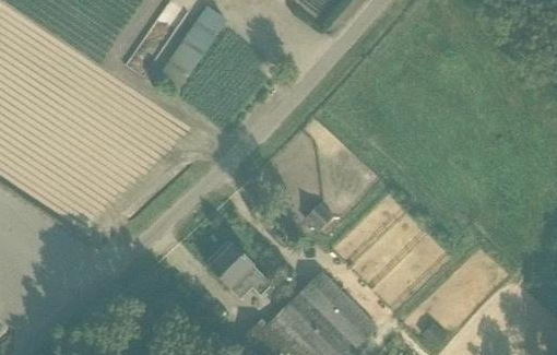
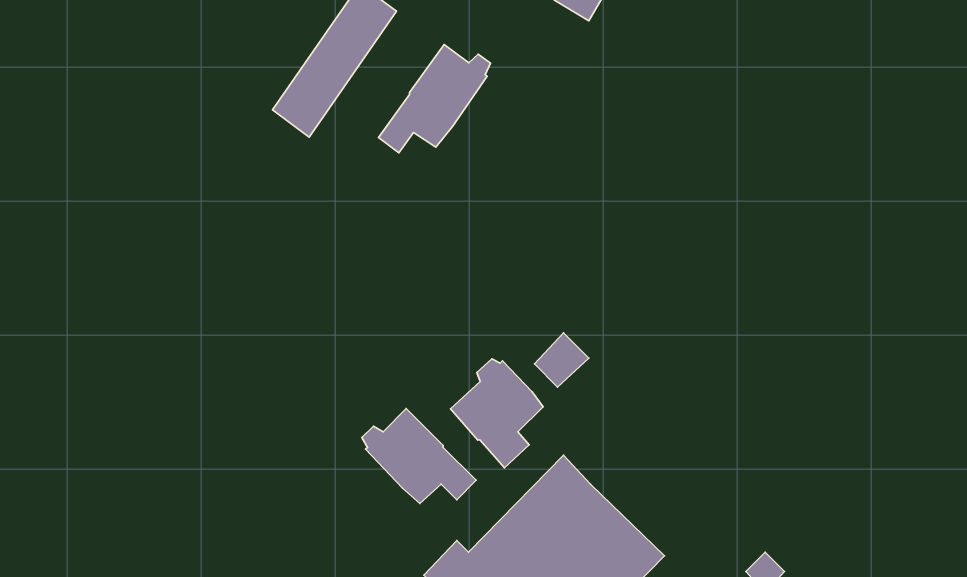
building: none -> [378,45,490,153]
building: none -> [450,359,543,468]

